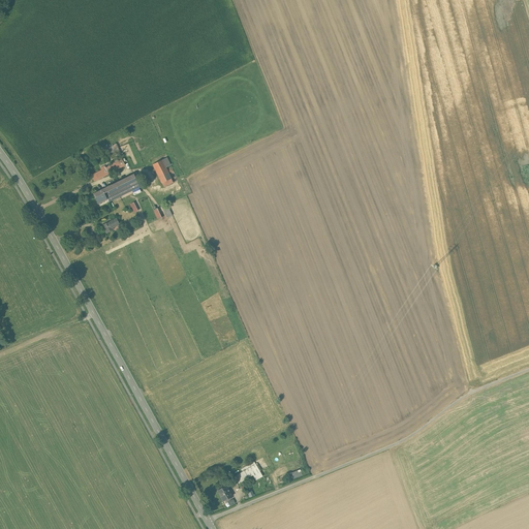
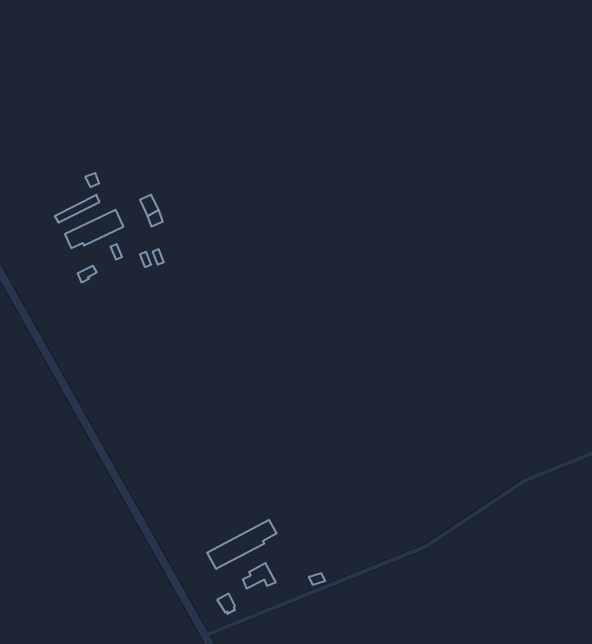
building: none -> [207,520,276,569]

